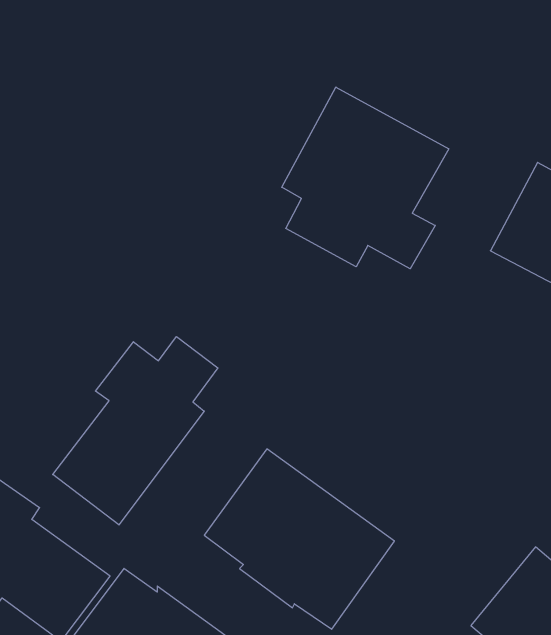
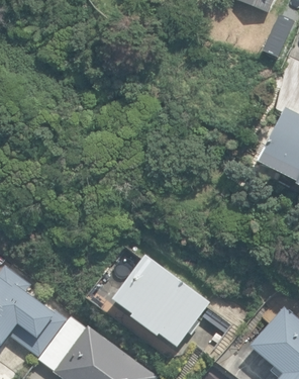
building: [282,87,449,269] -> none
building: [53,337,218,525] -> none

